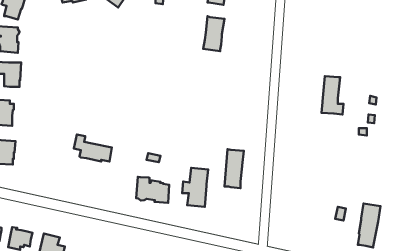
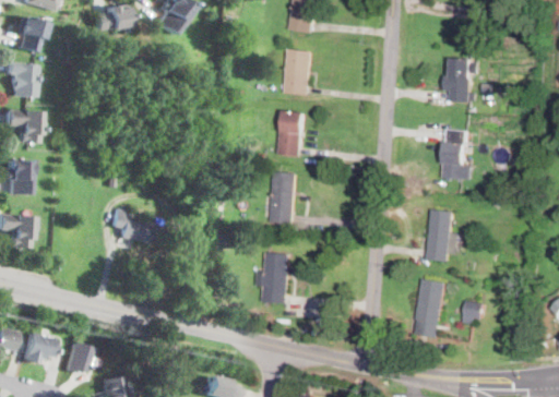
building: none -> [450,58,472,103]
building: none -> [278,110,305,155]
building: none -> [427,208,461,261]
building: [224,149,244,188] -> [271,171,297,224]
building: [136,177,169,203] -> none
building: [358,204,381,247] -> [415,278,445,337]

